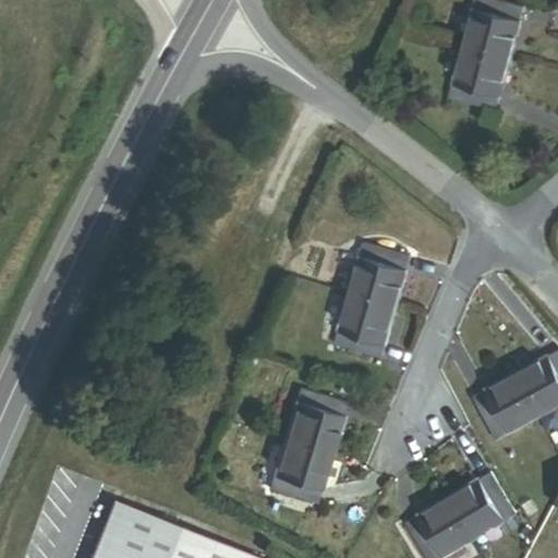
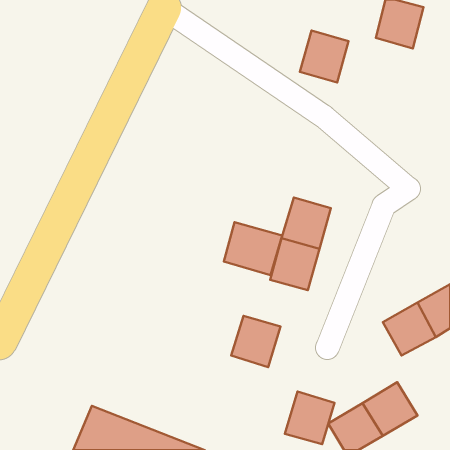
building: [450,47,510,111] -> [300,30,349,82]
building: none -> [224,222,282,275]
building: [270,439,331,505] -> [285,391,334,444]

